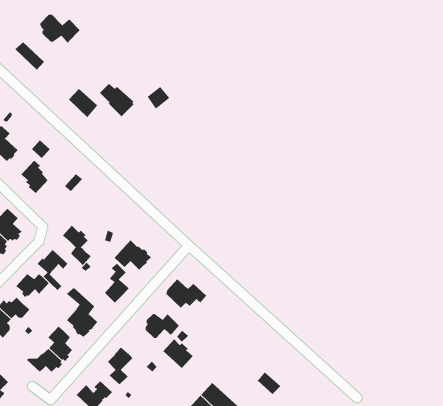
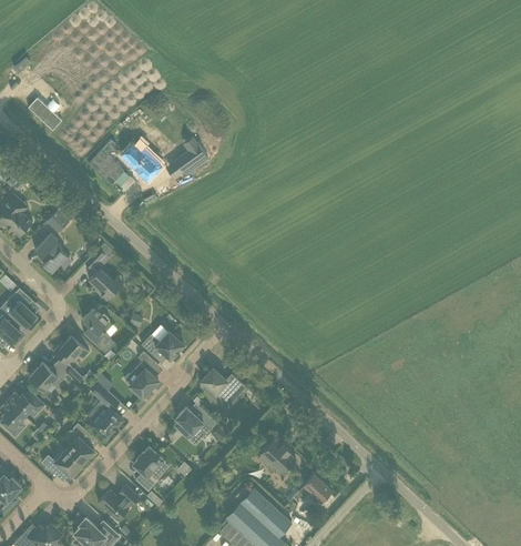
building: [40,14,81,44] -> none
building: none -> [89,269,120,301]
building: [162,339,194,369] -> [261,438,296,473]

